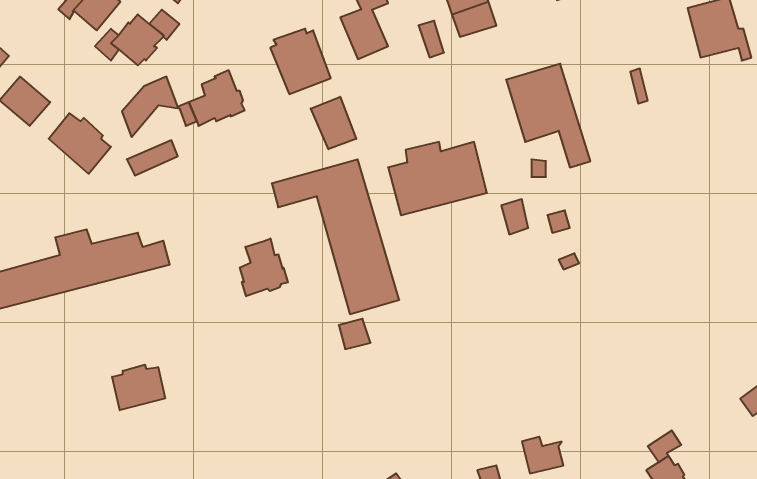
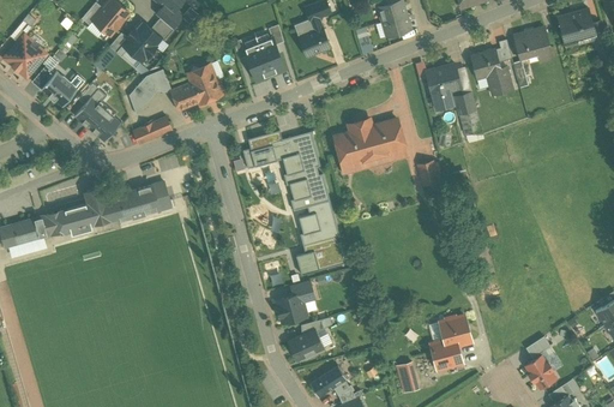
building: none -> [513,28,553,65]
building: none -> [471,49,506,96]
building: [311,97,356,149] -> none
building: [240,238,288,296] -> none
building: none -> [276,280,317,324]
building: [112,365,165,410] -> none
building: none -> [440,315,472,347]
building: none -> [287,328,325,363]

